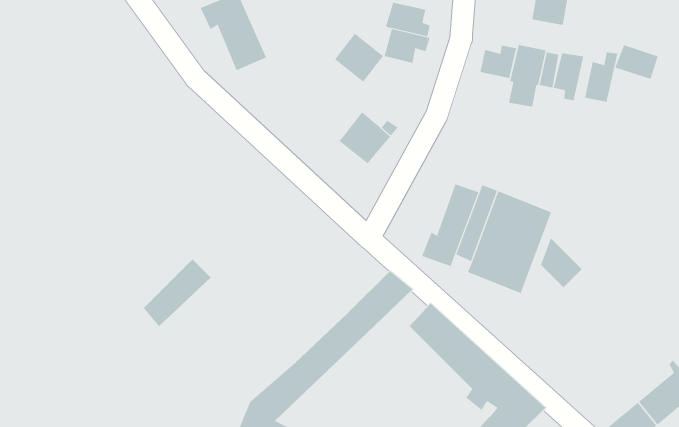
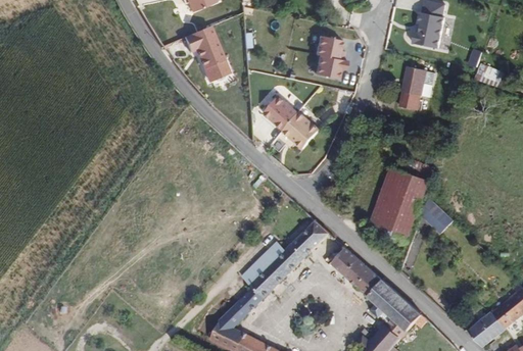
building: [334,33,384,82] -> [260,96,295,131]
building: [480,45,517,79] -> none
building: [585,52,618,103] -> none
building: [553,53,584,101] -> none
building: [421,183,479,267] -> none
building: [143,258,212,327] -> [238,239,286,287]

